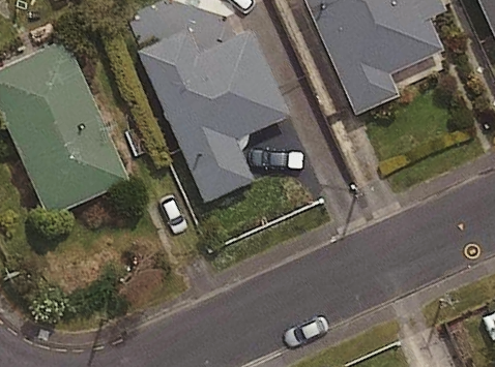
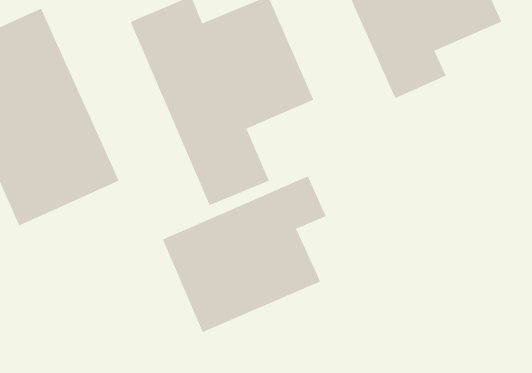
building: none -> [162,176,326,333]

